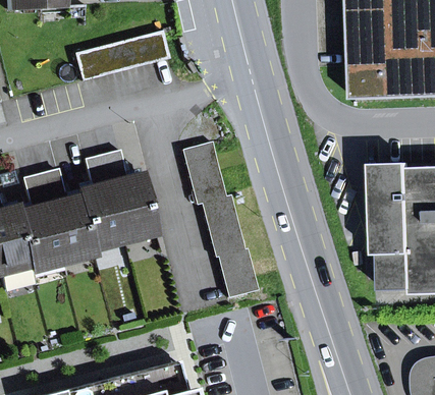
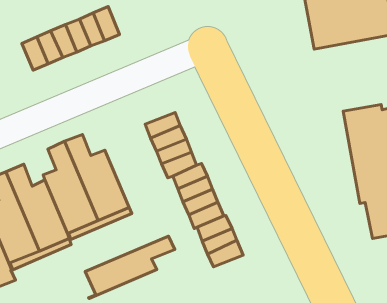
building: none -> [85,236,175,298]

